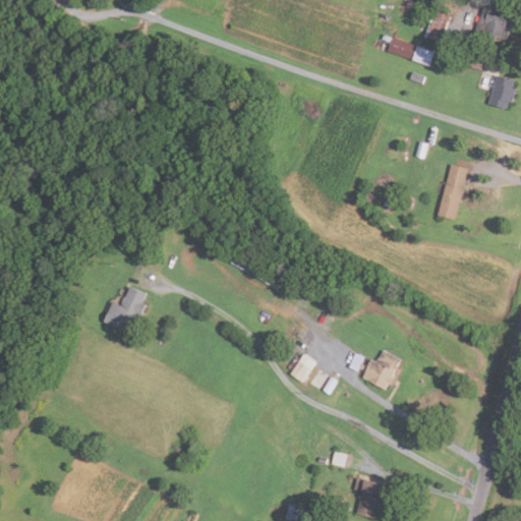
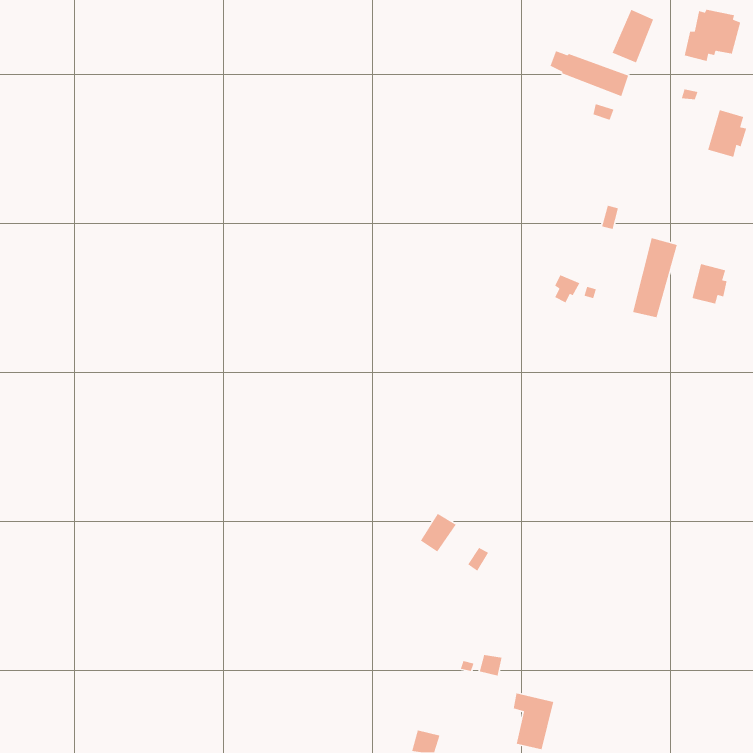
building: none -> [691,263,728,305]
building: [102,286,147,336] -> none
building: [348,350,399,390] -> none

